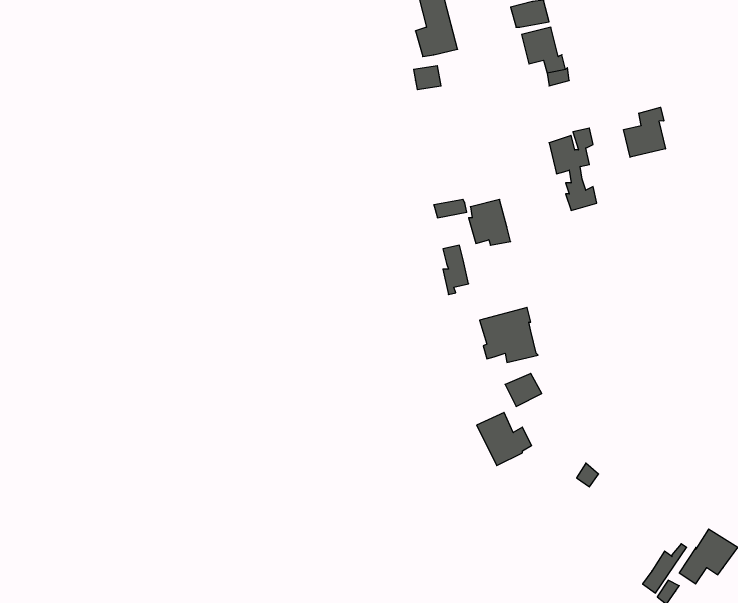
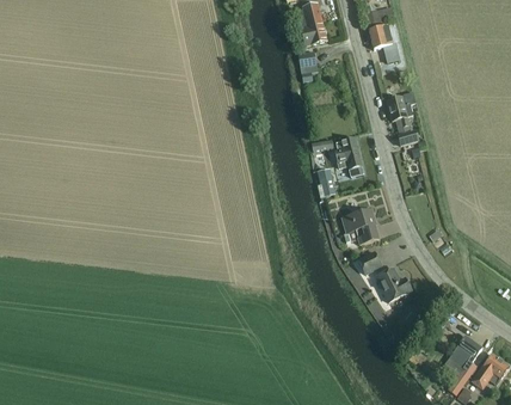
building: [624,107,665,157] -> none
building: [477,412,532,466] -> [376,268,412,302]
building: none -> [449,336,482,370]

